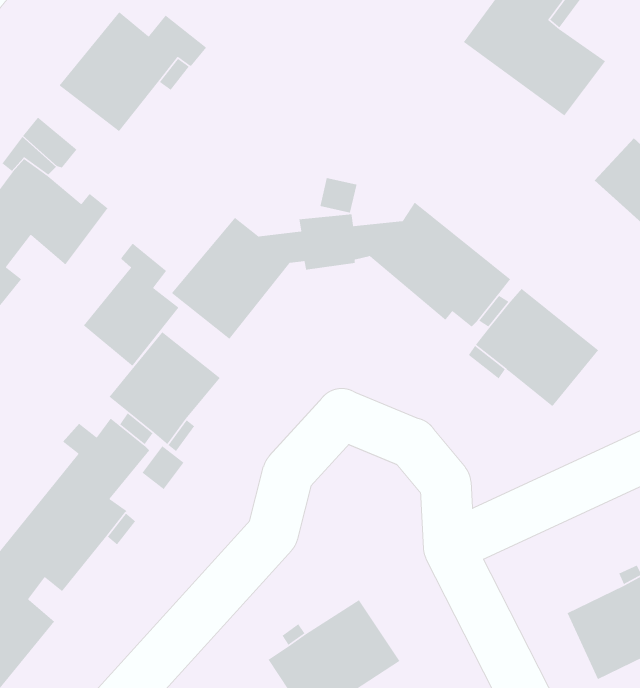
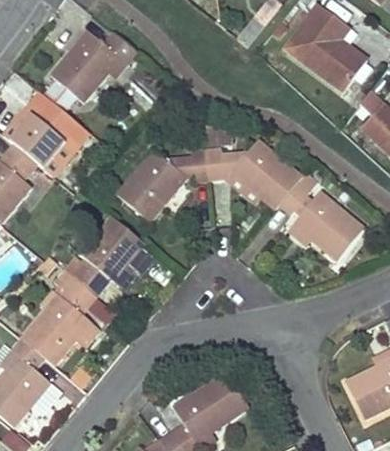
building: [83,243,179,367] -> none

